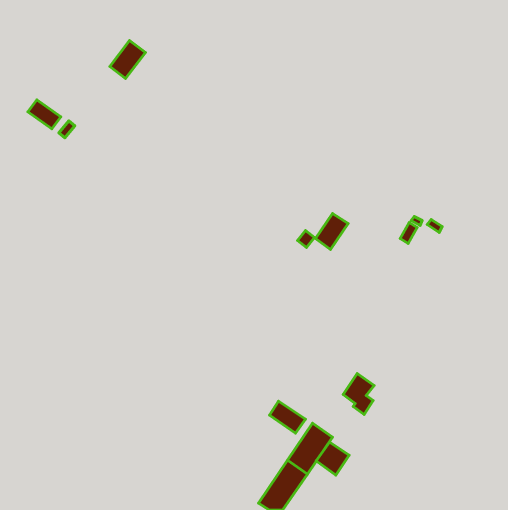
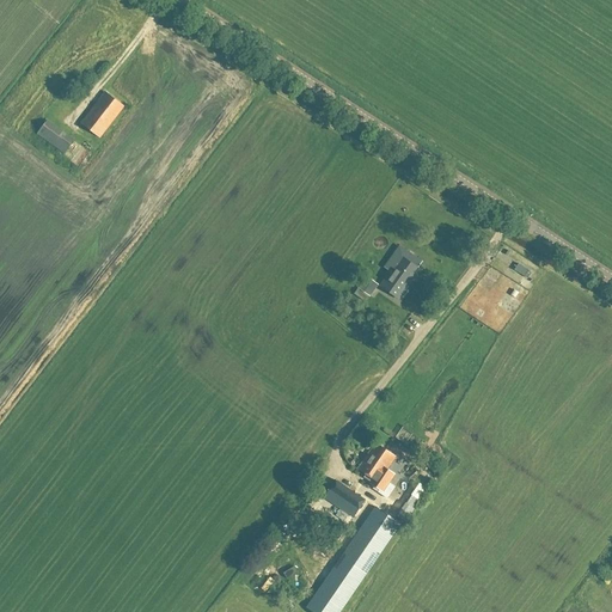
building: [110,40,146,78] -> [79,91,122,136]
building: [343,373,374,414] -> [356,442,393,491]
building: [316,442,349,475] -> none

